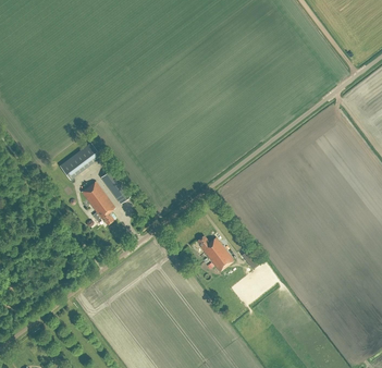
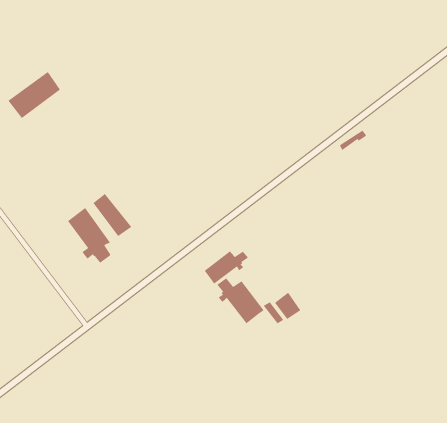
building: [60,143,101,180] -> [7,71,61,119]
building: none -> [204,251,249,284]

